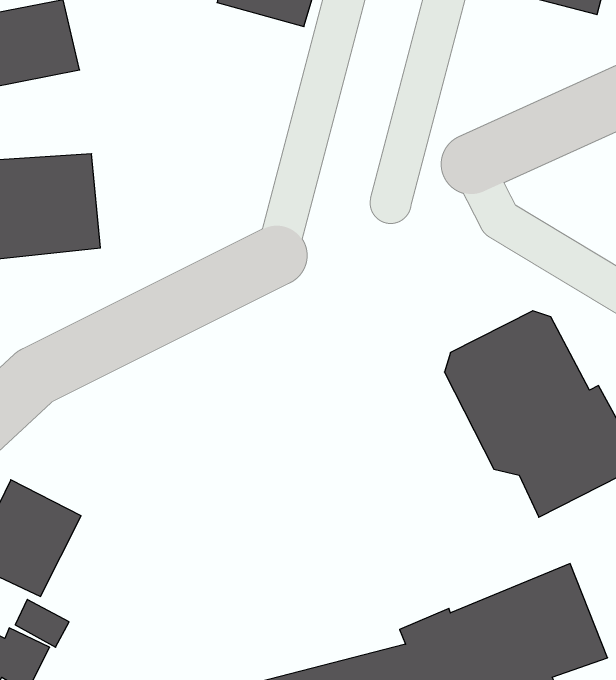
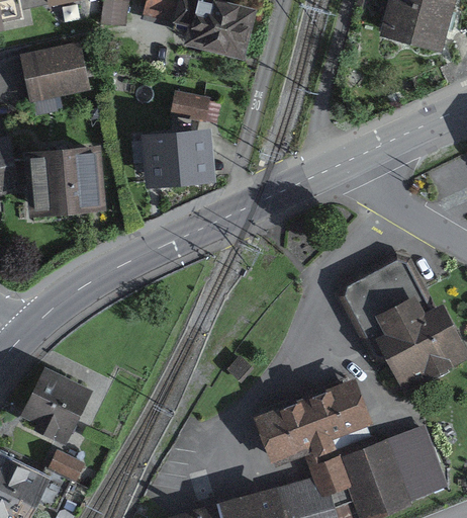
building: none -> [169,90,210,121]
building: none -> [148,133,207,183]
building: none -> [254,378,373,468]

